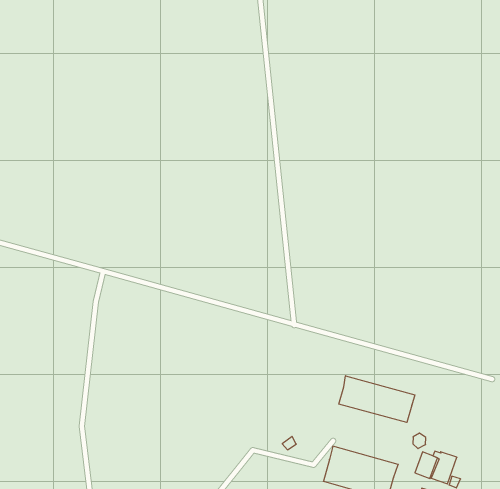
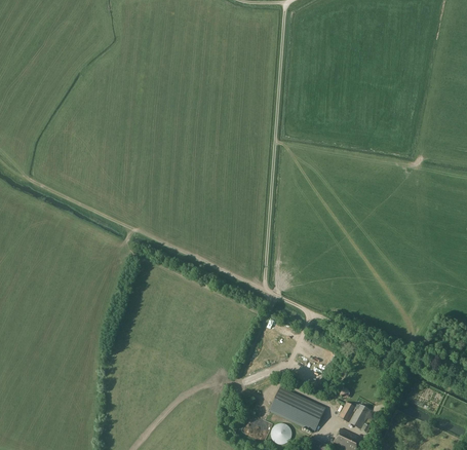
building: [339,376,415,422] -> none

